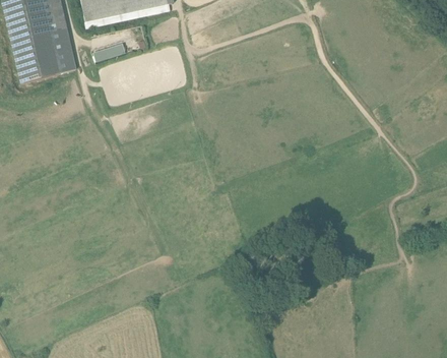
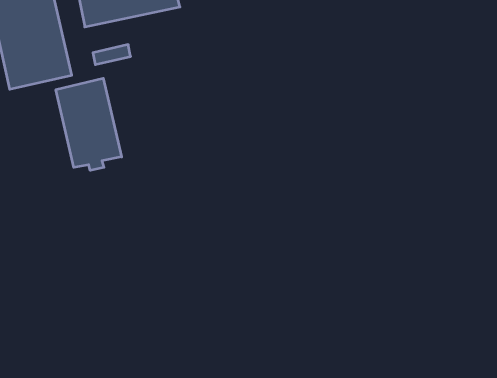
building: none -> [56,78,122,170]

